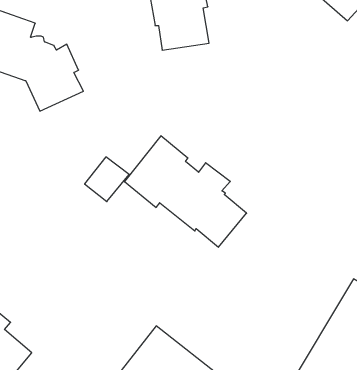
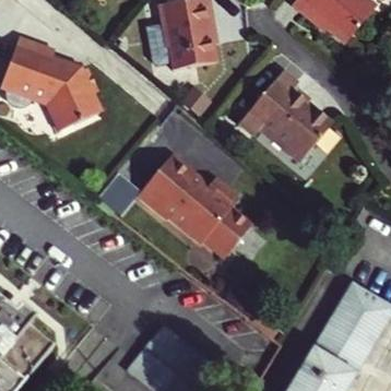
building: none -> [242,68,336,159]

